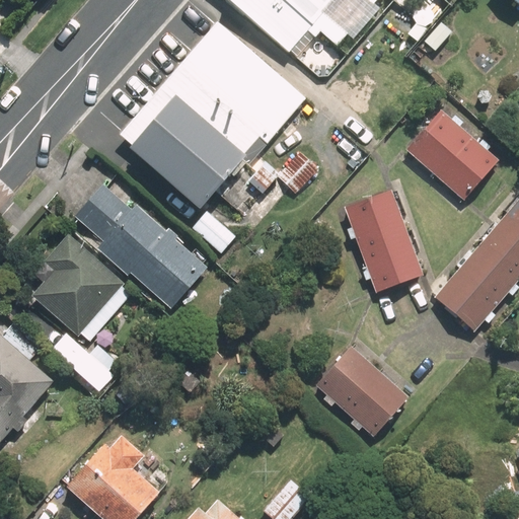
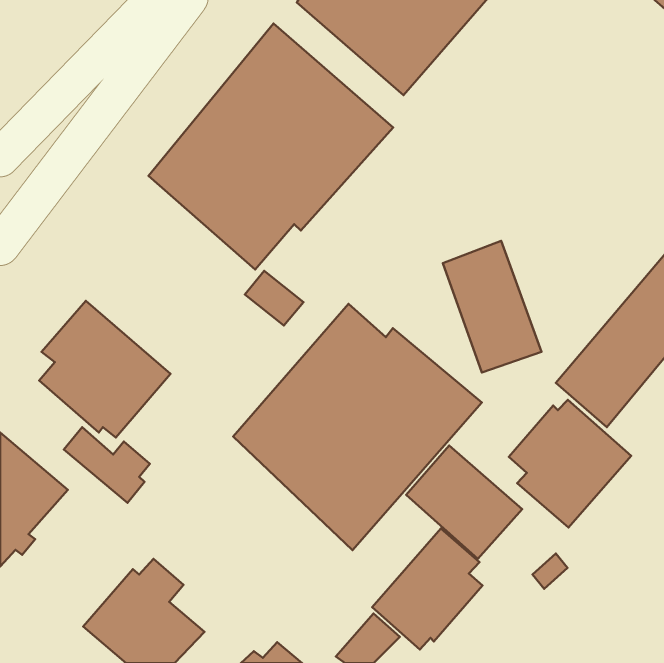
building: [405,108,499,200] -> none
building: [75,183,208,308] -> none
building: none -> [233,304,482,550]
building: none -> [509,400,631,528]
building: none -> [372,529,483,649]

